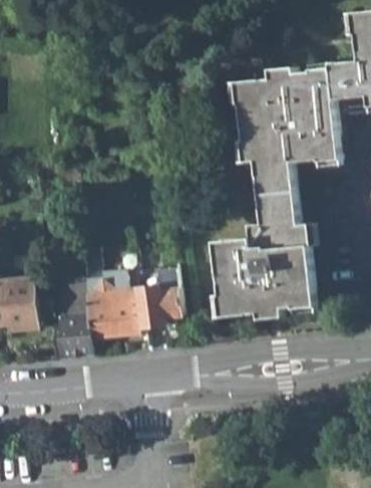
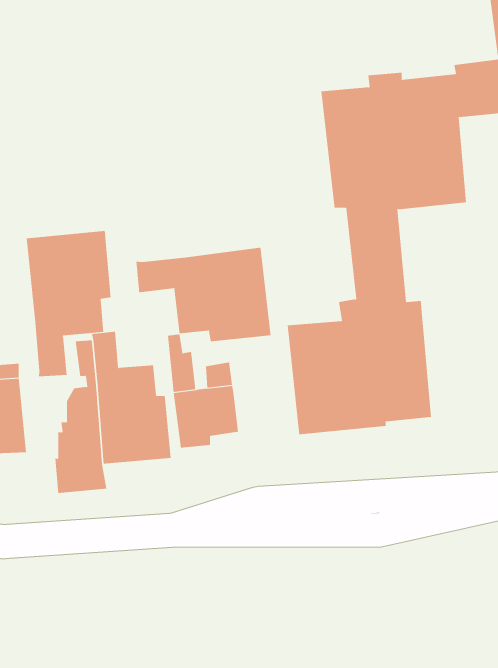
building: none -> [26,230,111,377]
building: none -> [136,247,271,342]

